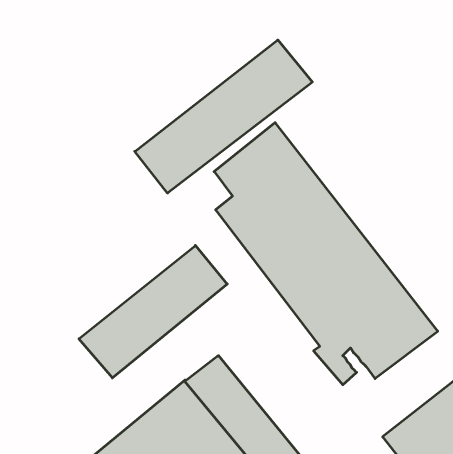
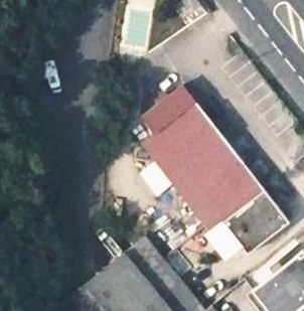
building: [135,40,312,193] -> none
building: [79,245,227,378] -> none

